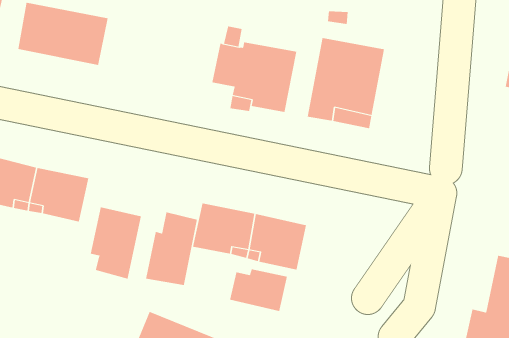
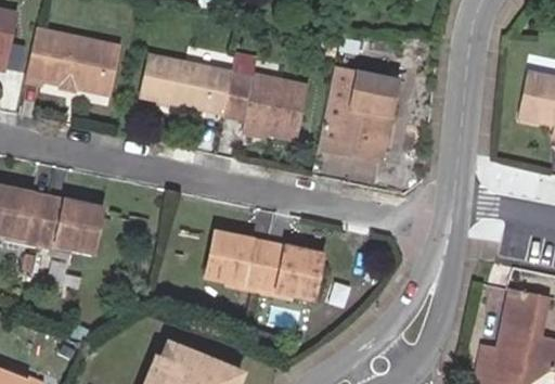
building: none -> [141,54,231,112]
building: [90,207,141,280] -> none
building: [146,212,198,286] -> none
building: [230,269,288,312] -> none

